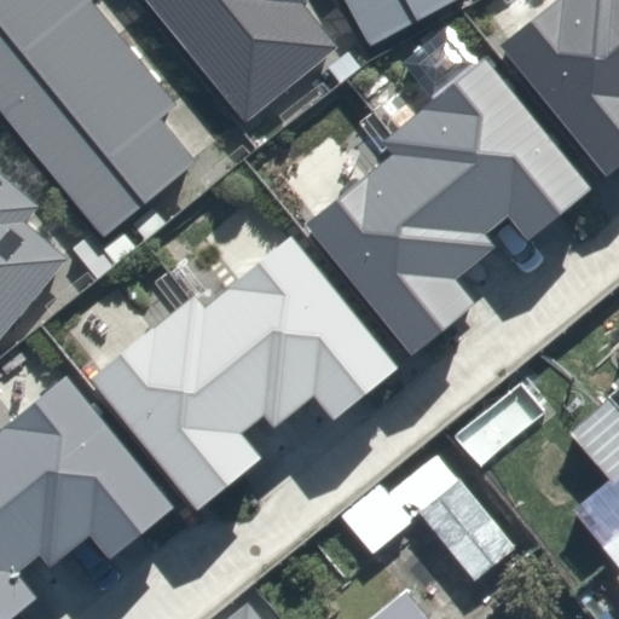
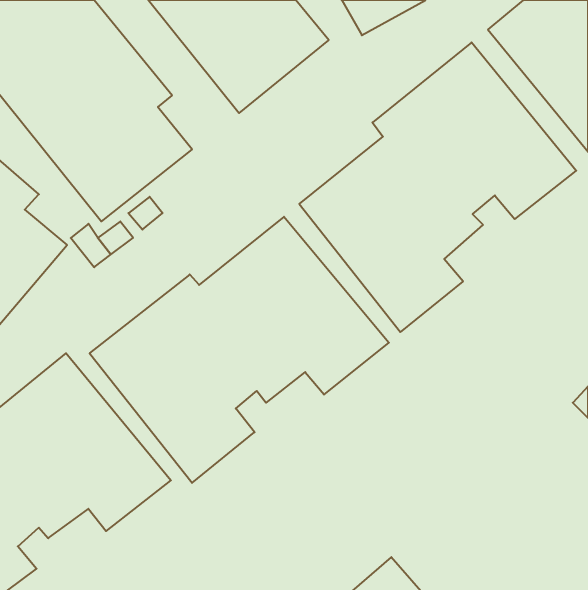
building: [395,458,523,591] -> none

